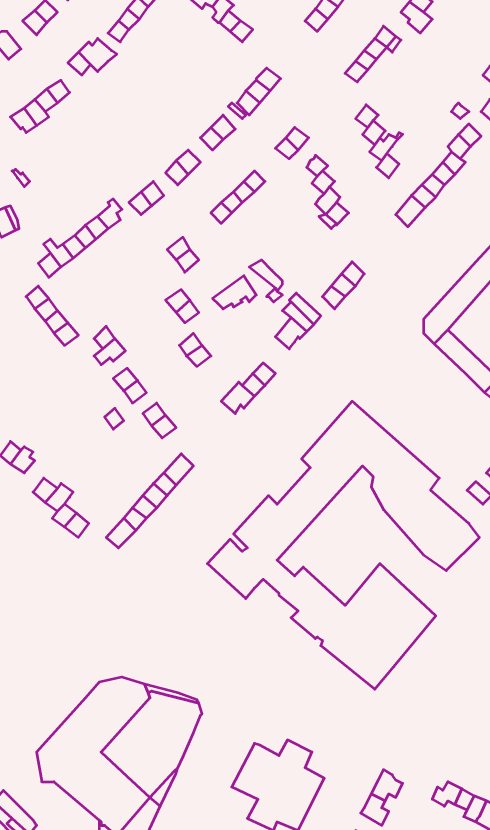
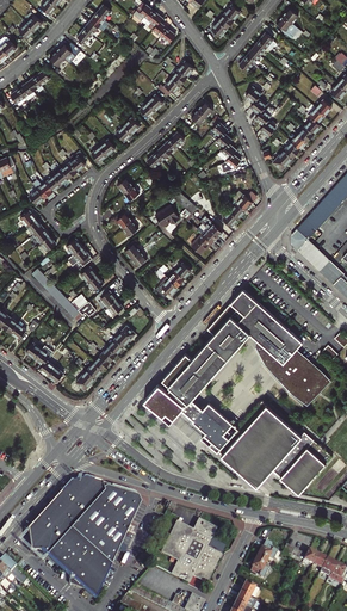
building: none -> [272,432,333,495]

